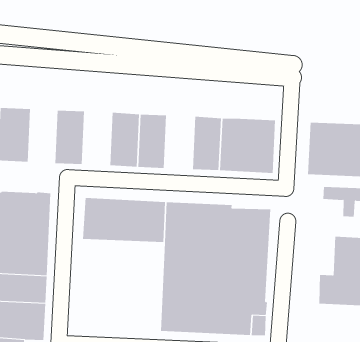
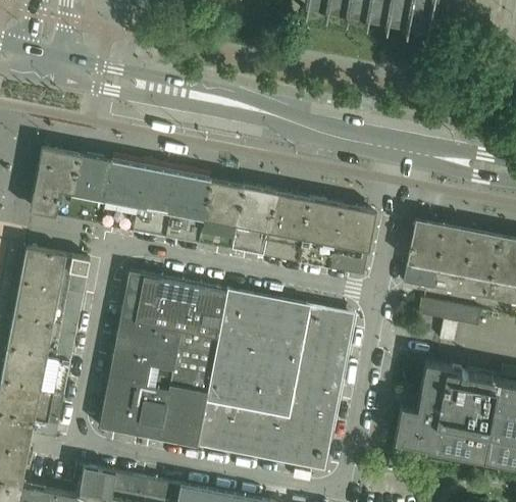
building: none -> [67,153,111,223]
building: none -> [133,165,177,236]
building: none -> [231,185,277,255]
building: none -> [99,320,218,446]

